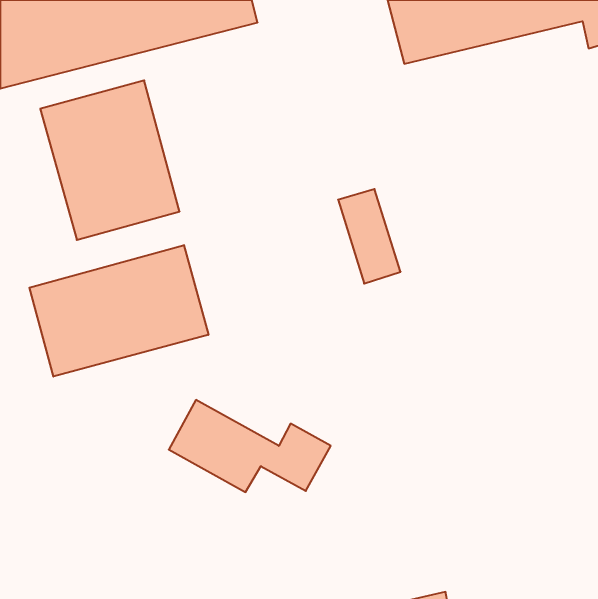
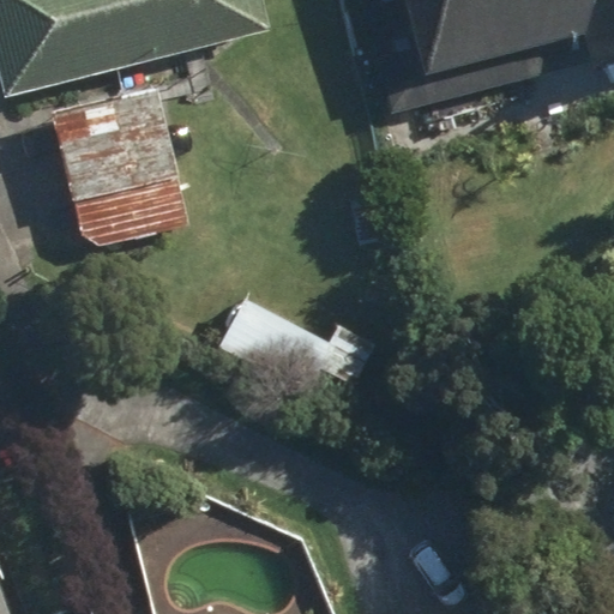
building: [29,245,208,377] -> none
building: [169,400,331,492] -> [219,297,384,391]

